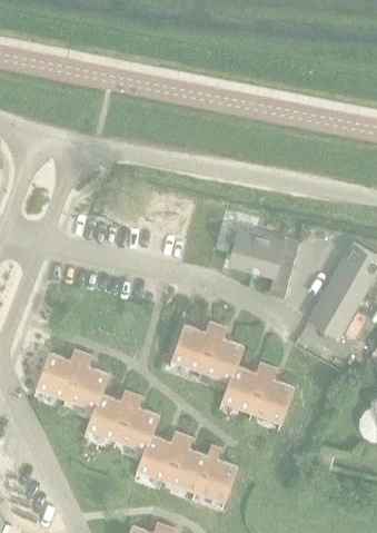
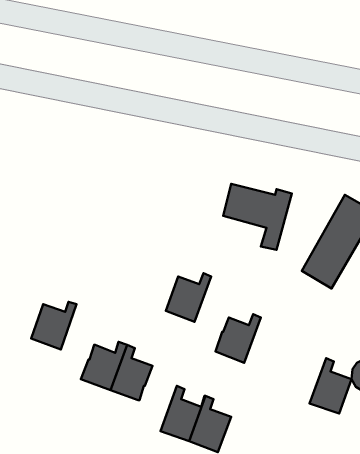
building: [201,326,244,382] -> none
building: [67,354,109,409] -> none
building: [251,367,294,423] -> [309,358,351,414]
building: [138,433,183,482] -> none

